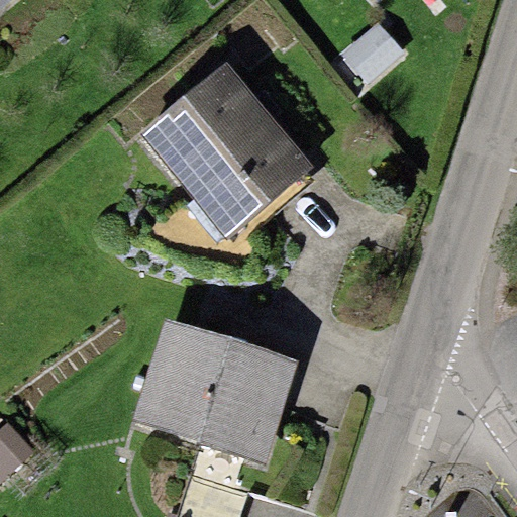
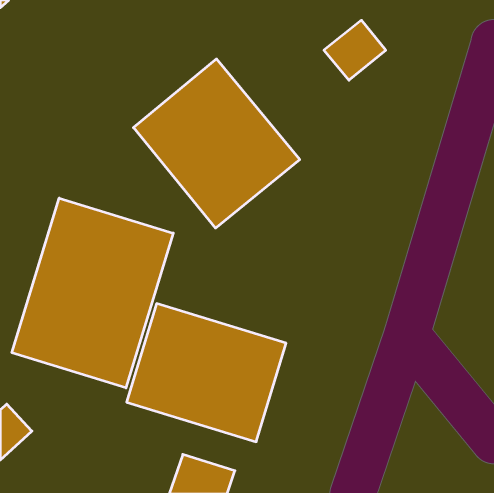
building: none -> [12,198,173,388]

